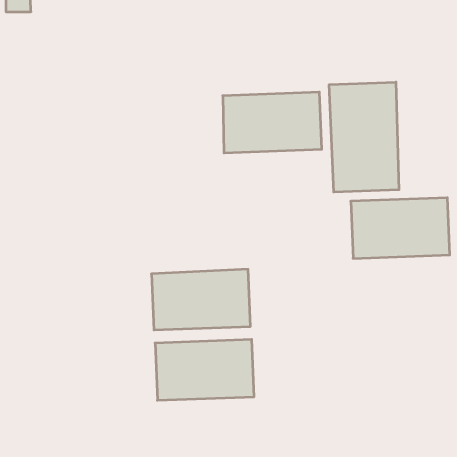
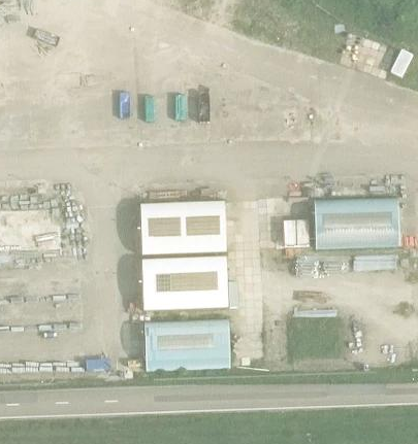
building: [329,82,399,192] -> none
building: [223,92,322,153] -> [140,202,226,254]

